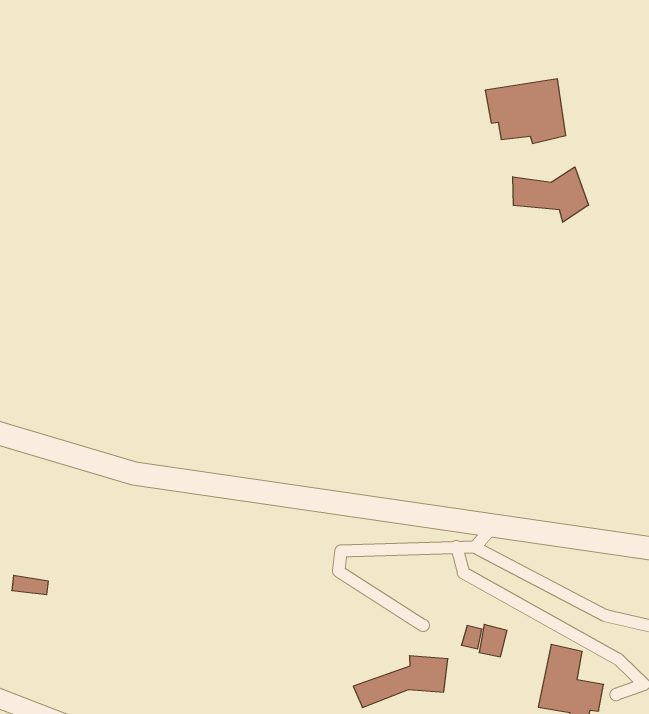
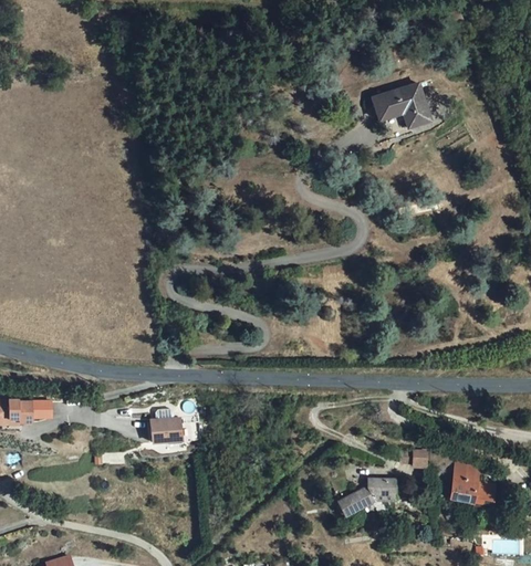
building: [513,167,589,222] -> none
building: none -> [157,416,186,438]

